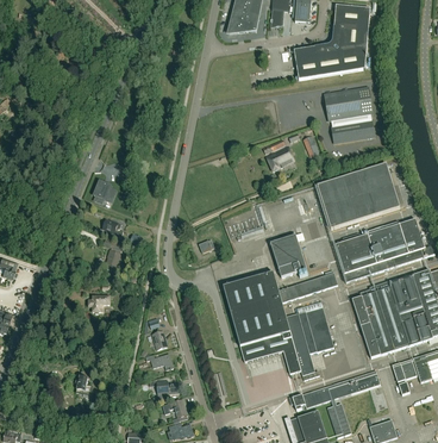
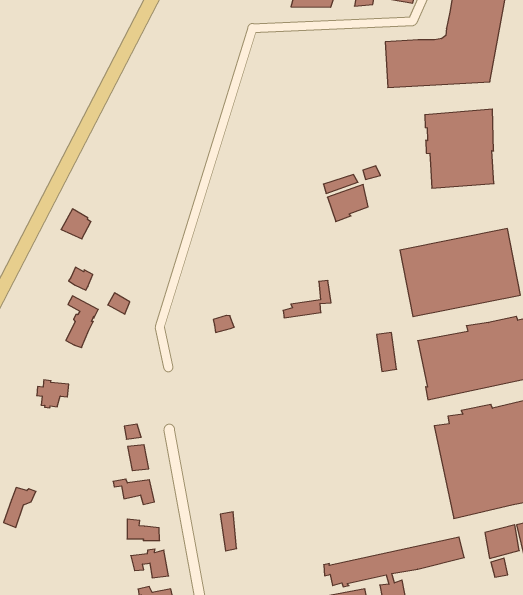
building: [270,233,307,276] -> none
building: [224,272,338,379] -> none

